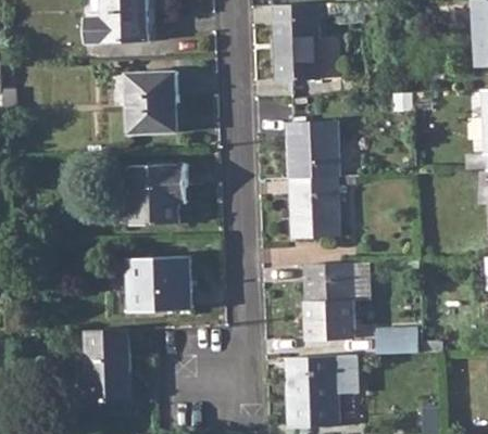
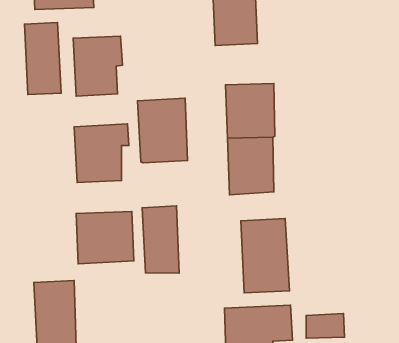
building: none -> [24,23,61,94]
building: none -> [138,98,188,163]
building: none -> [142,206,179,273]
building: [377,328,417,354] -> [306,313,344,338]

